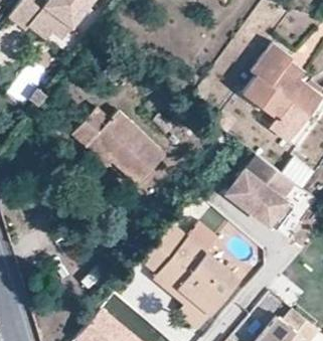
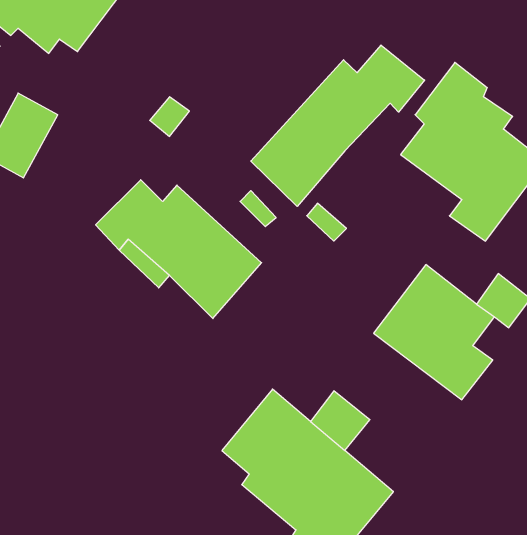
building: none -> [251,45,425,206]

